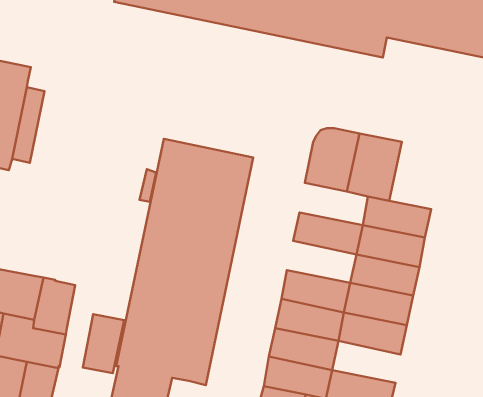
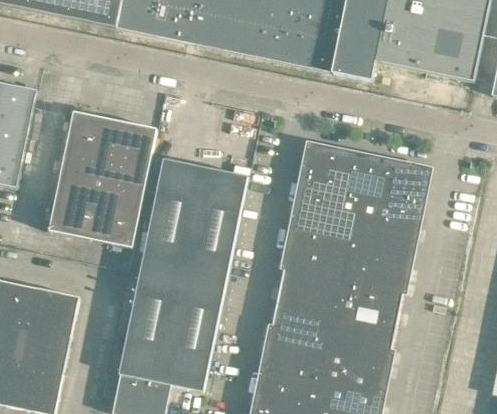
building: none -> [42,107,155,247]
building: none -> [376,160,424,224]
building: none -> [291,199,356,239]
building: none -> [279,254,345,294]
building: [83,314,124,373] -> none
building: none -> [322,349,387,389]

